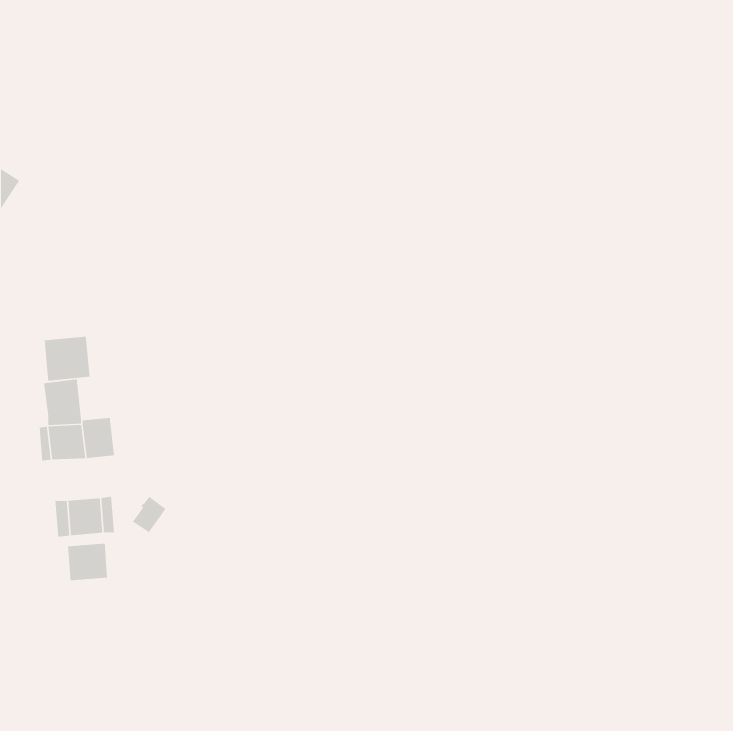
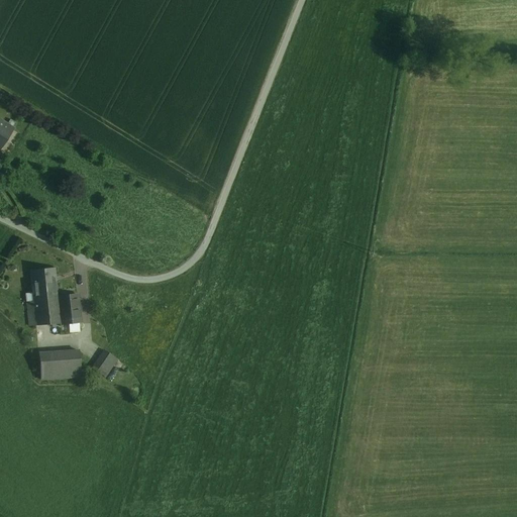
building: [44,336,90,381] -> none
building: [67,543,108,581] -> none

